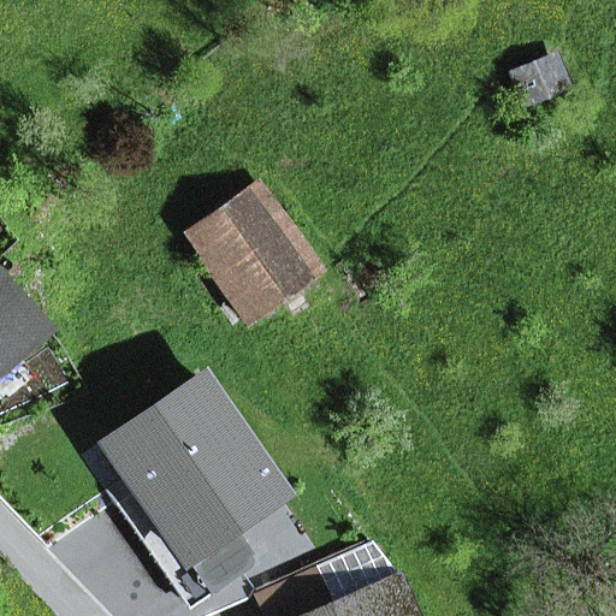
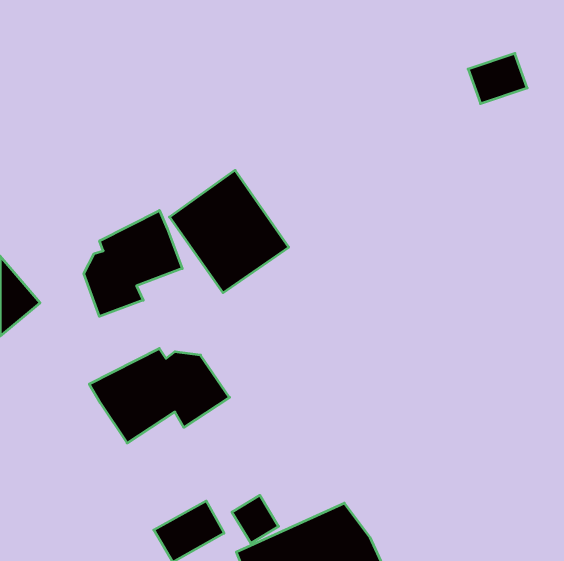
building: none -> [84,210,182,316]
building: [143,438,284,547] -> none

